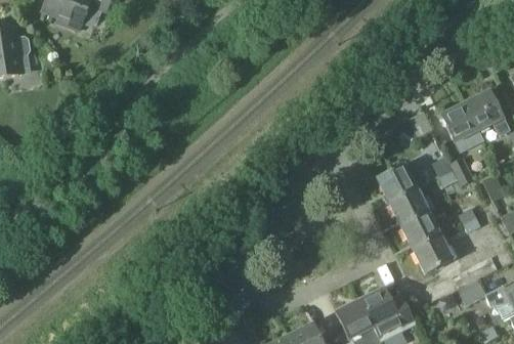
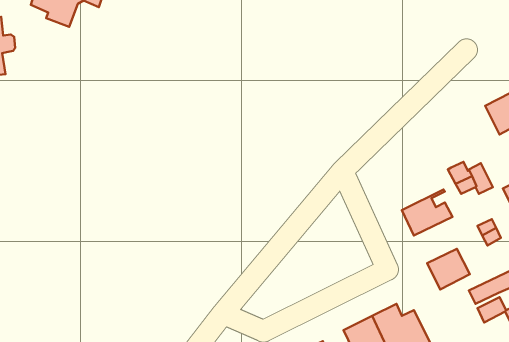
building: [441,104,479,143] -> none
building: [377,163,427,202] -> none
building: [399,212,439,251] -> none

